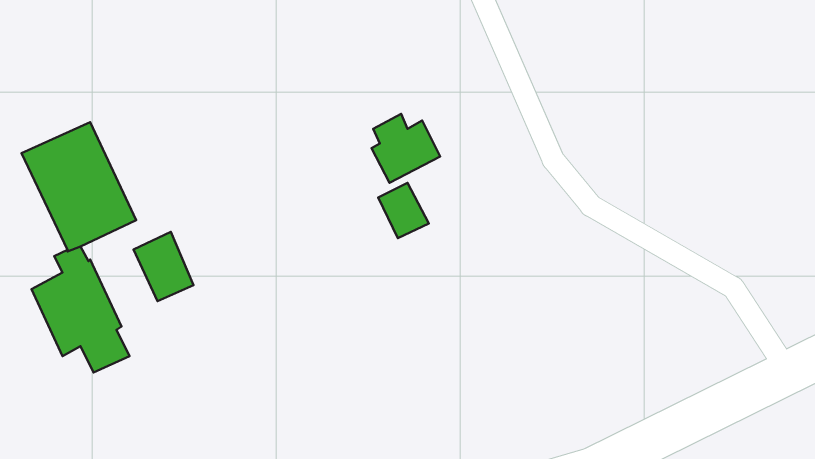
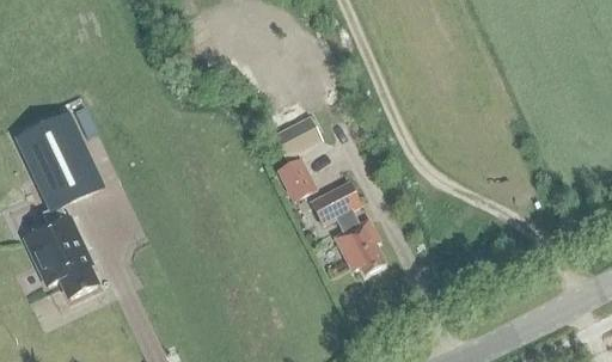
building: none -> [311,182,385,274]
building: [134,232,194,301] -> none

